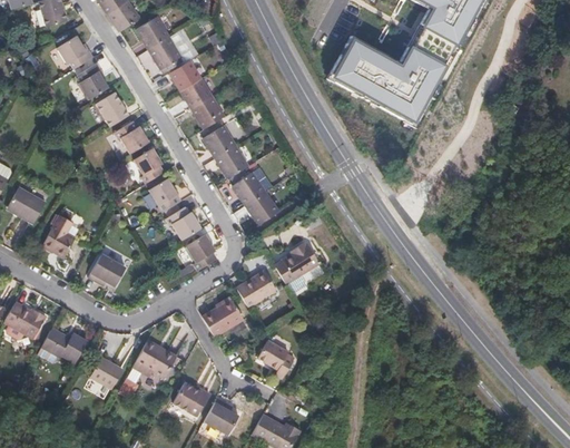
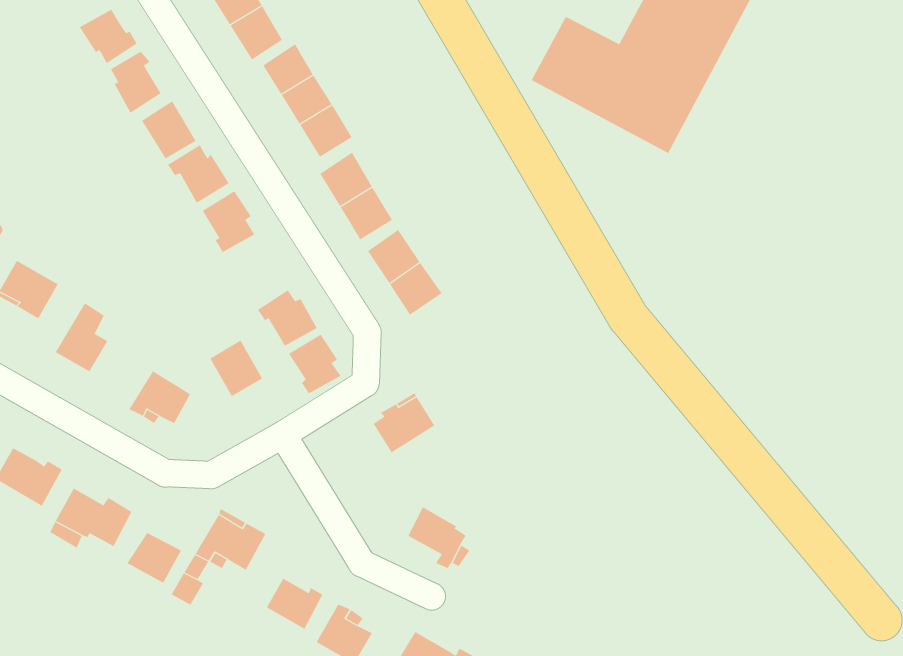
building: [148,178,180,213] -> [210,340,263,397]
building: [272,241,316,283] -> none
building: [198,294,243,334] -> none

